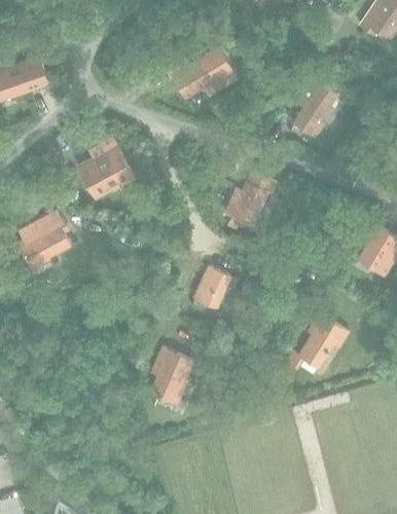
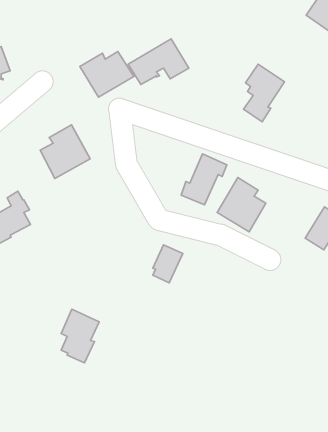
building: none -> [80,51,134,97]
building: none -> [217,178,266,232]
building: [299,315,348,367] -> none
building: [151,347,191,404] -> [61,309,99,363]

